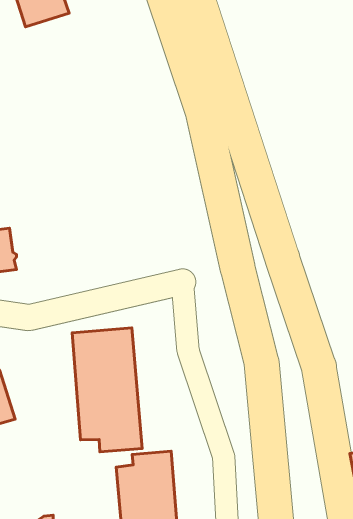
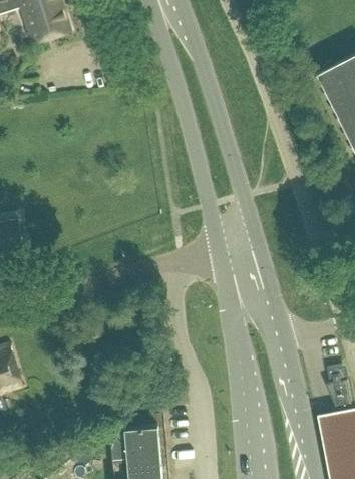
building: [72,328,142,452] -> none

